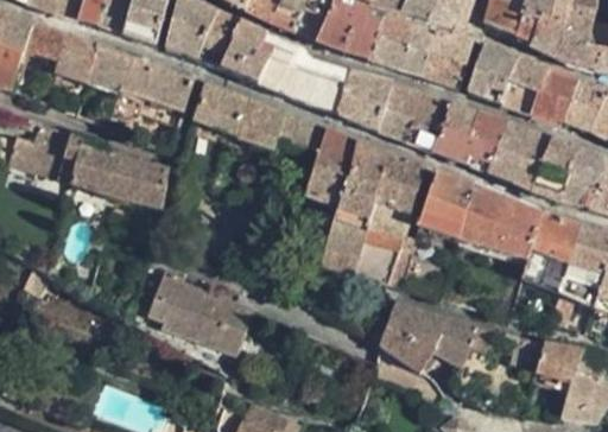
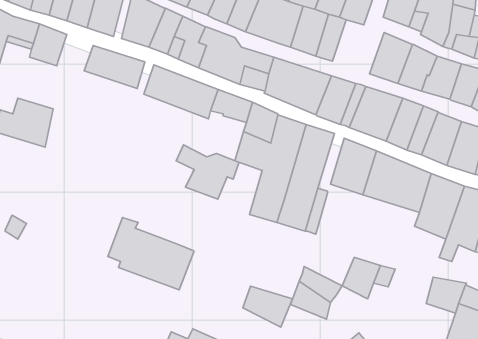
building: [422,26,474,88] -> none
building: [88,44,131,88] -> none
building: [72,134,167,207] -> none
building: none -> [176,145,239,199]
building: [387,299,448,349] -> [243,286,293,327]

